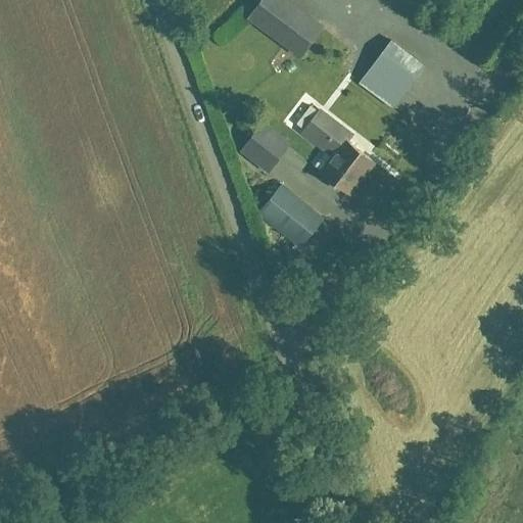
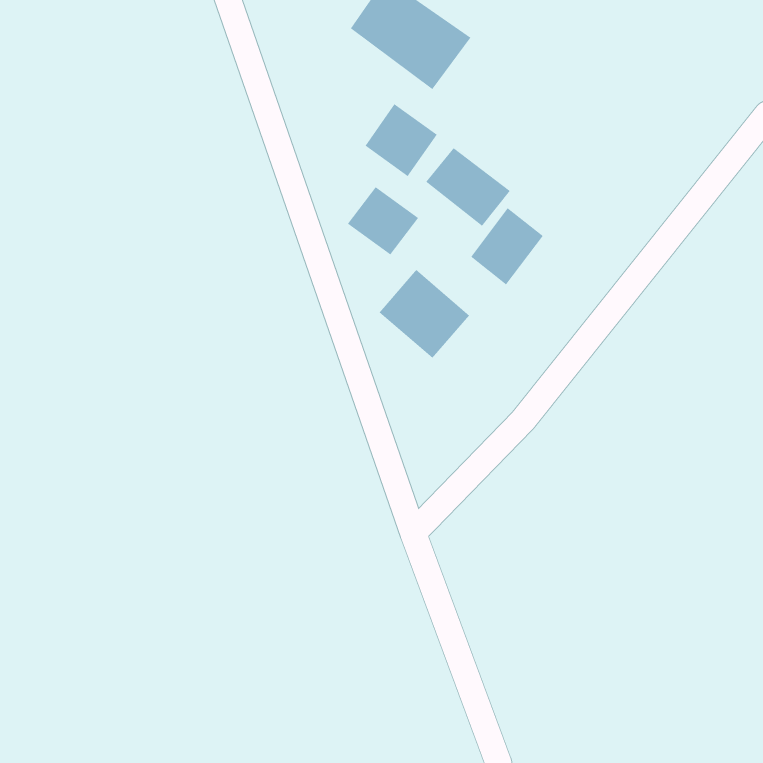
building: [356,40,426,111] -> none
building: none -> [364,103,438,177]

